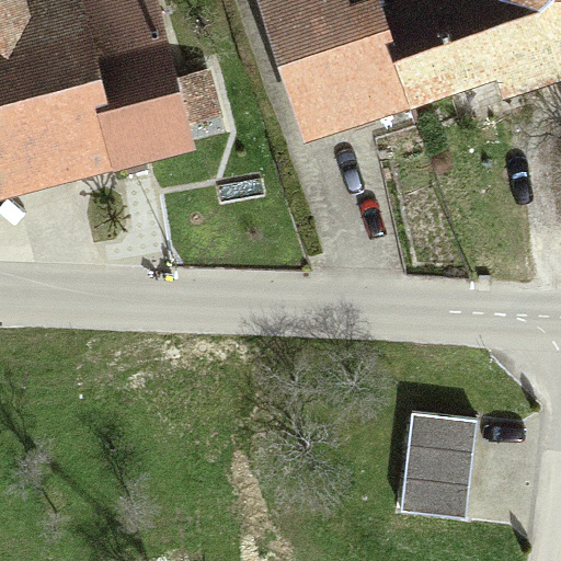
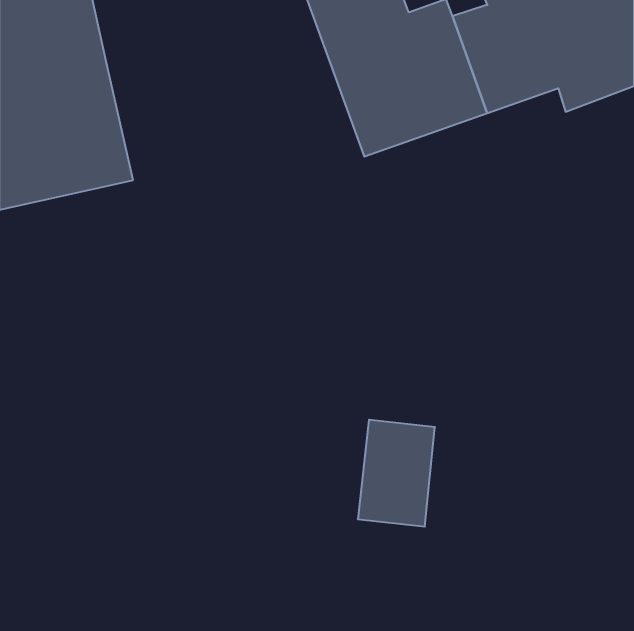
building: [94,41,191,159] -> none
building: [404,424,472,518] -> [358,420,435,527]

